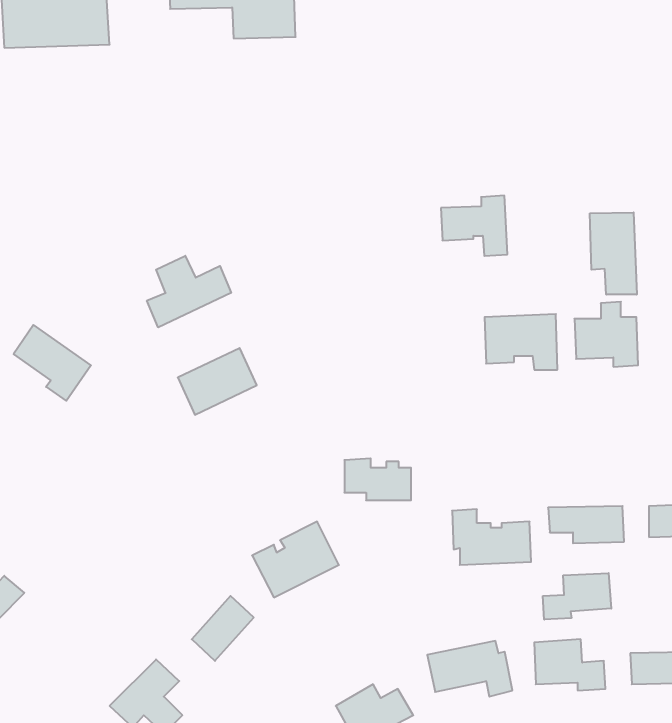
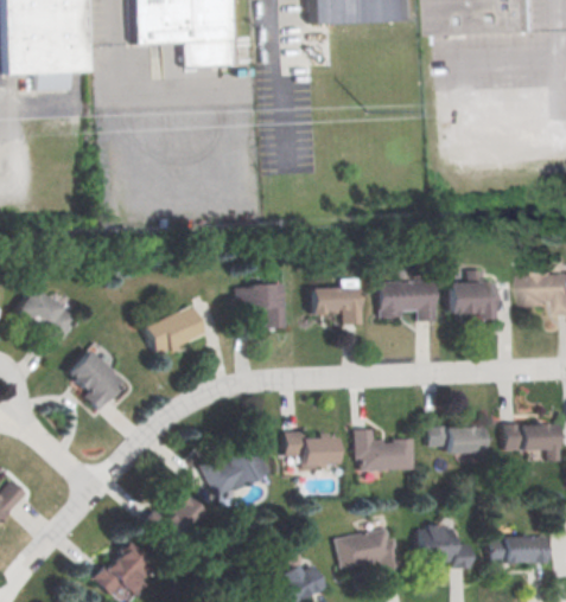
building: [441,196,507,256] -> [310,278,361,325]
building: [590,212,637,295] -> none
building: [147,256,231,327] -> none
building: none -> [234,282,285,327]
building: none -> [68,350,126,410]
building: [344,458,411,500] -> [284,430,335,462]
building: [543,573,611,620] -> none

